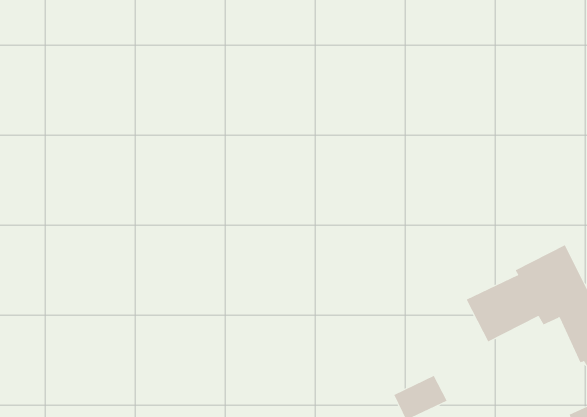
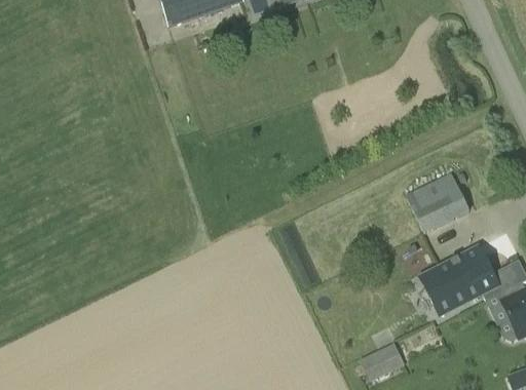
building: none -> [406,173,471,236]

